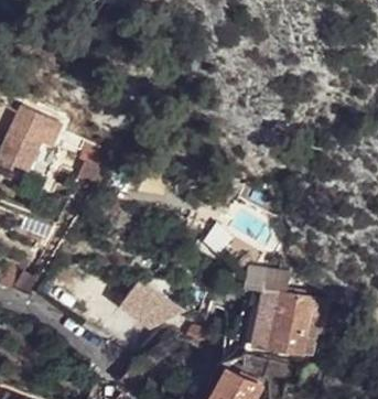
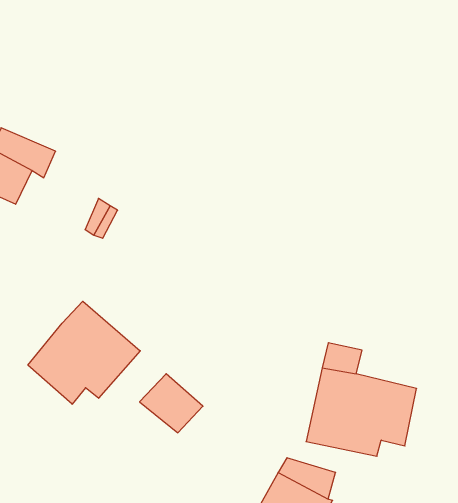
building: none -> [28,301,140,404]

